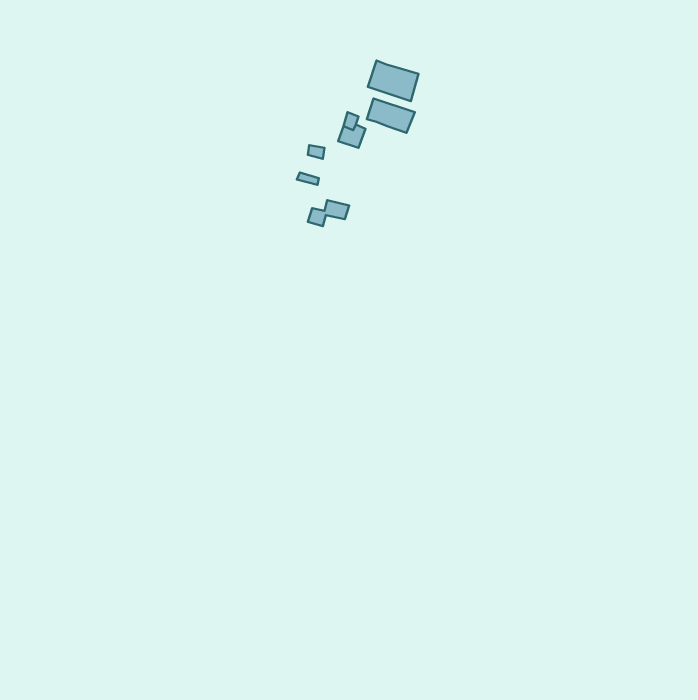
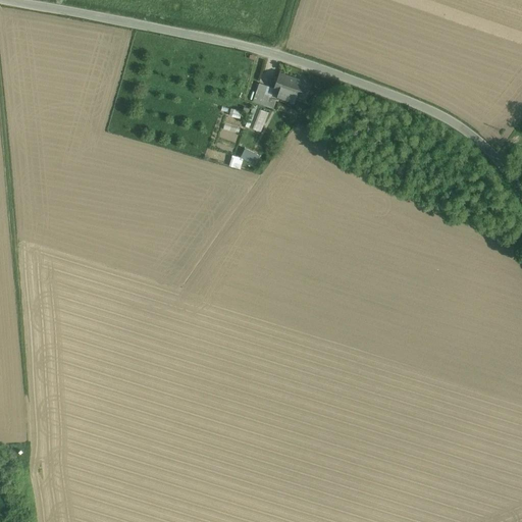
building: [368,61,419,101] -> none

